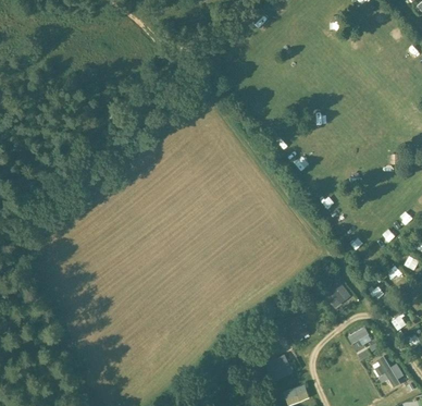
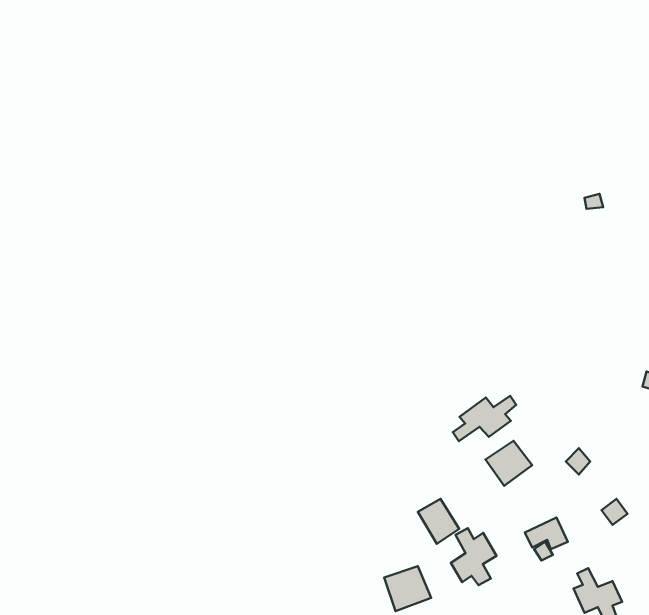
building: none -> [453,396,516,441]
building: none -> [451,528,496,585]

